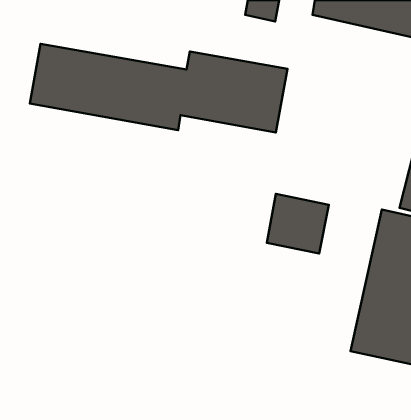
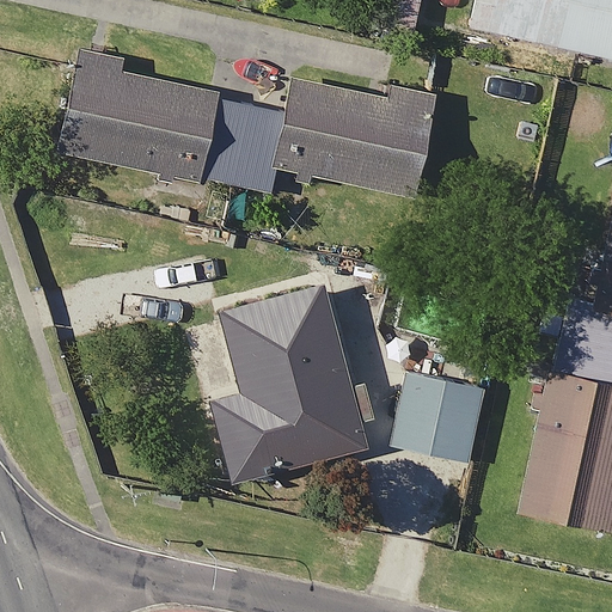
building: [267,194,329,254] -> [397,375,486,461]
building: none -> [207,288,377,481]

